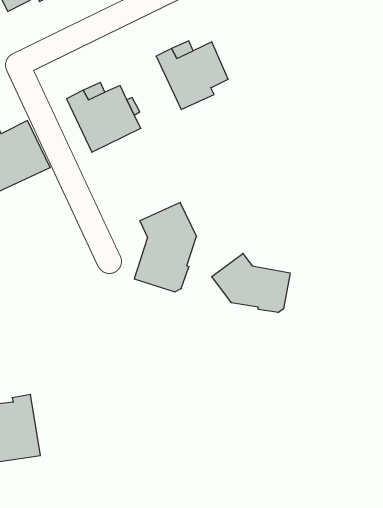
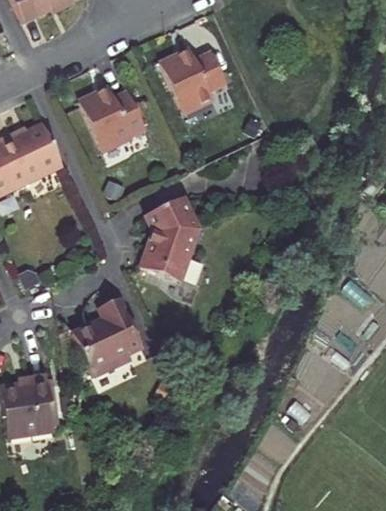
building: [212,253,290,313] -> none
building: none -> [73,300,143,375]

